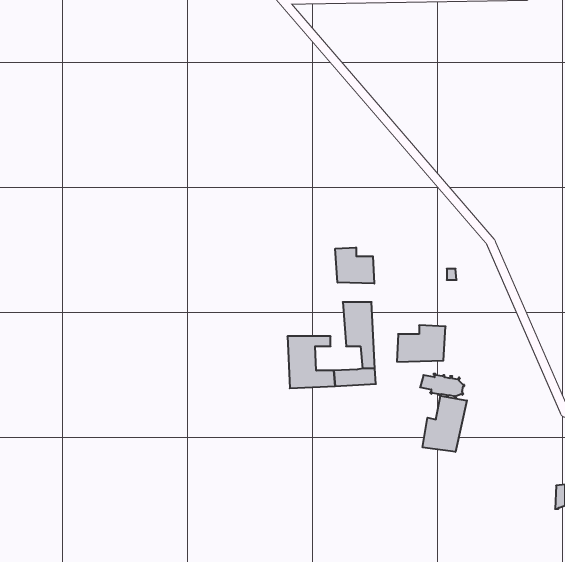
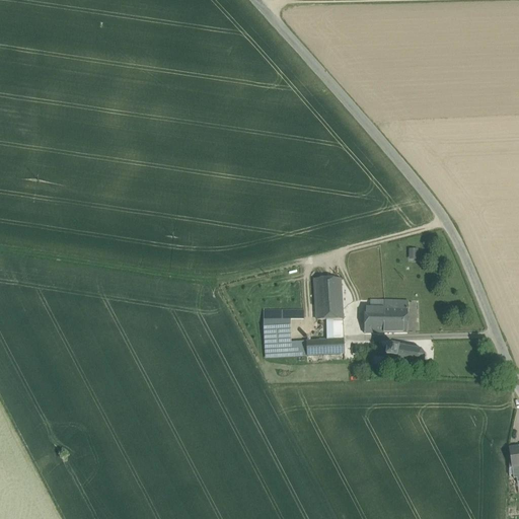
building: [335,247,374,284] -> none
building: [423,396,467,452] -> none

